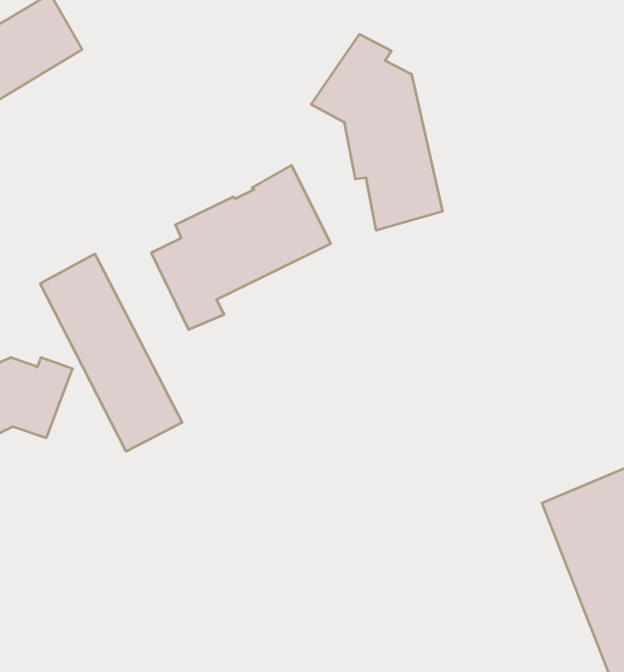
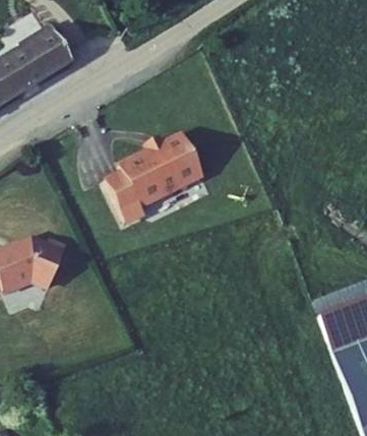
building: [311,34,442,230] -> none
building: [40,254,182,451] -> none

